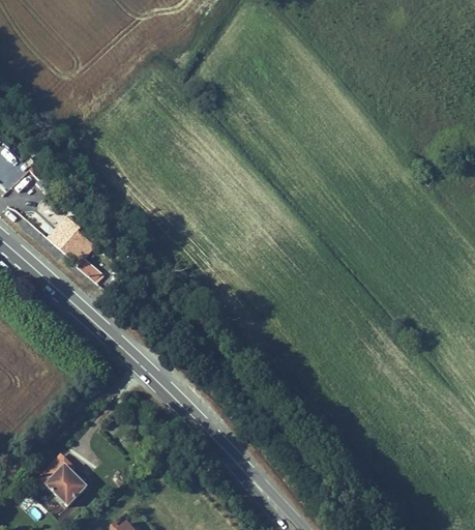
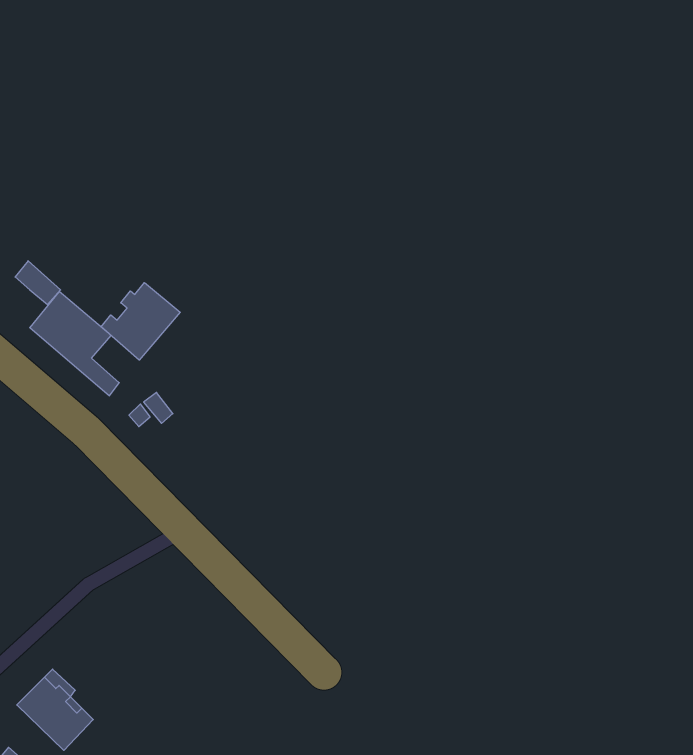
building: none -> [101,283,180,360]

